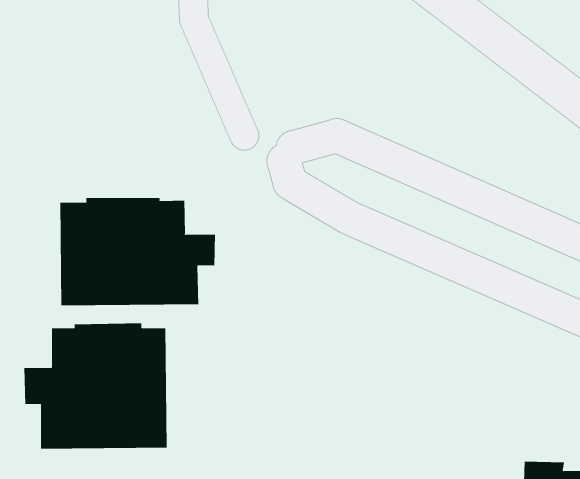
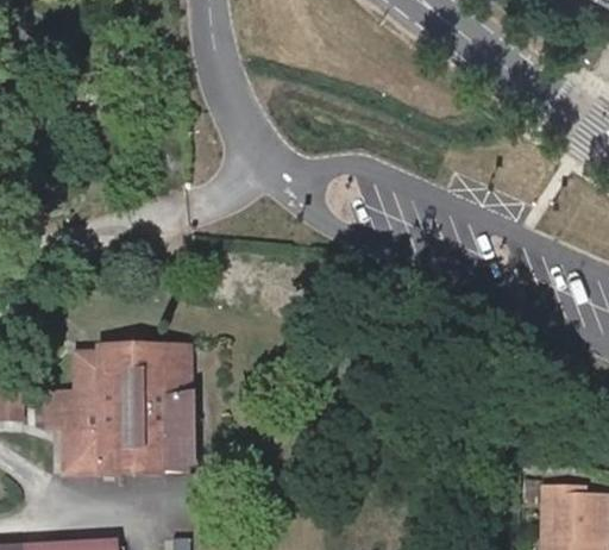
building: [60,197,215,306] -> none

